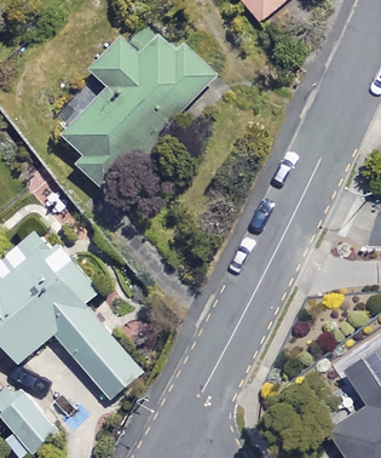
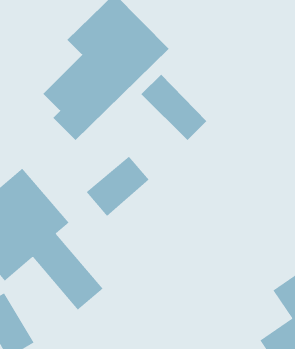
building: none -> [141,74,207,141]
building: none -> [86,156,149,217]

